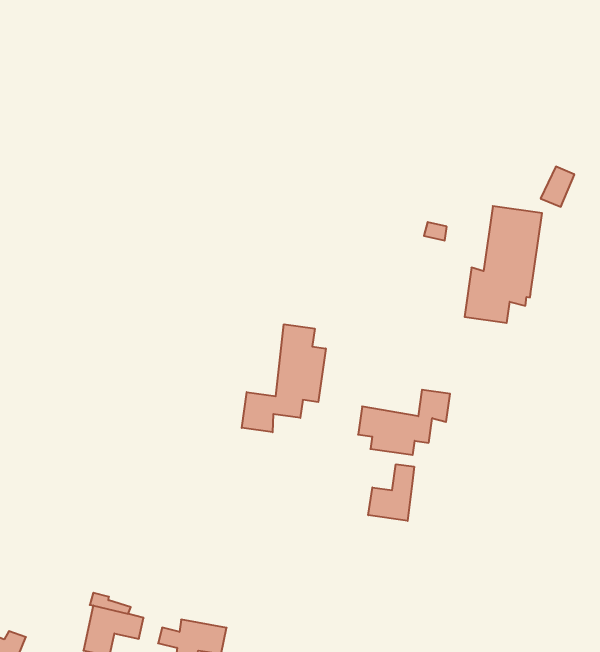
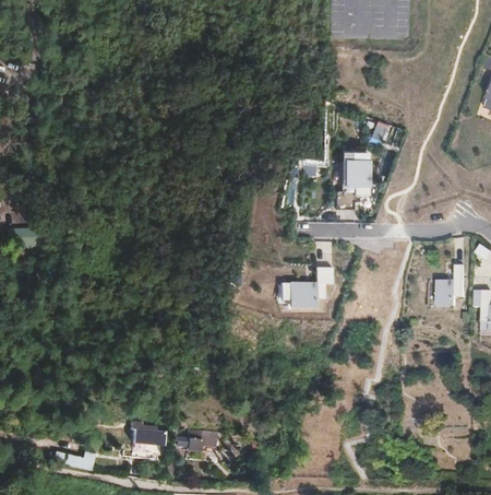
building: [242,324,326,432] -> none
building: [368,464,414,521] -> none

